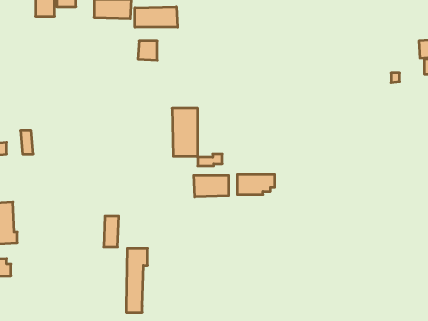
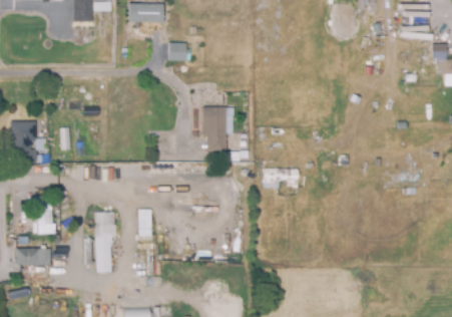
building: [135,7,178,27] -> none
building: [194,175,229,197] -> none
building: [126,248,148,312] -> [95,212,115,272]

